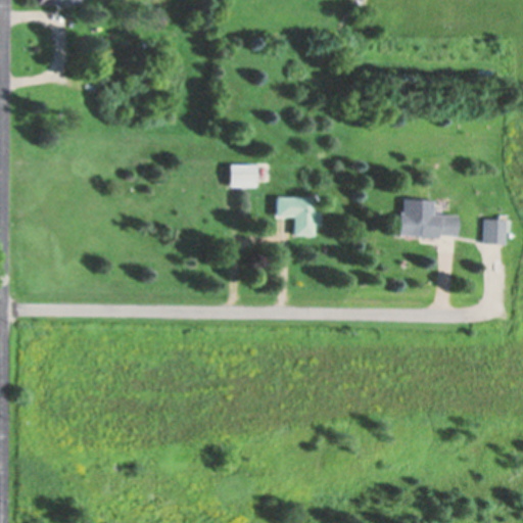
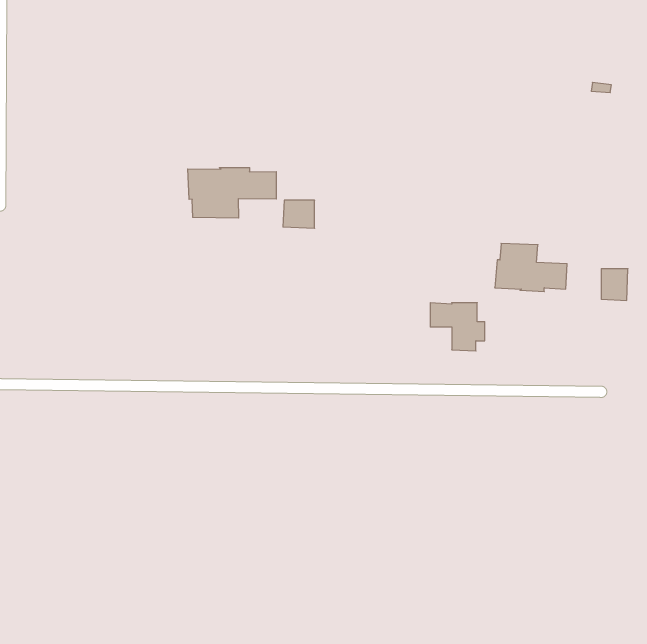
building: none -> [188,168,276,218]
building: [276,197,320,236] -> [430,303,485,351]

